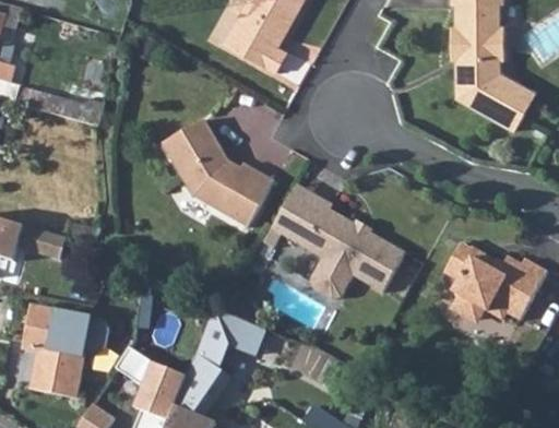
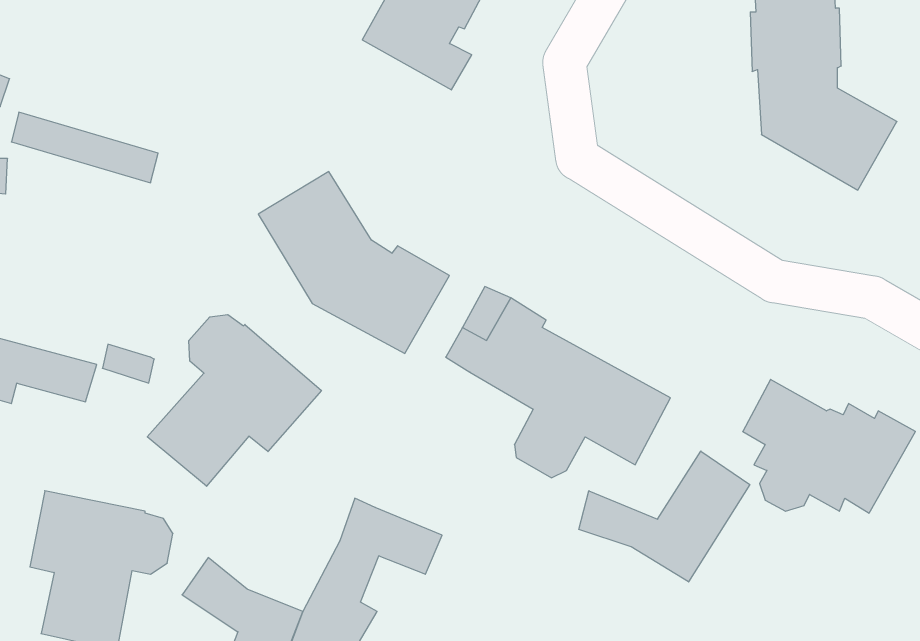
building: none -> [147,315,321,486]
building: none -> [579,451,750,582]

